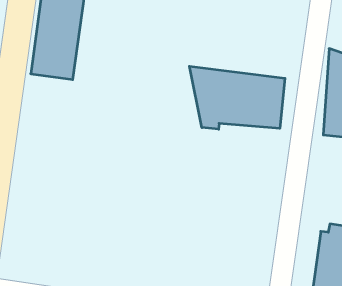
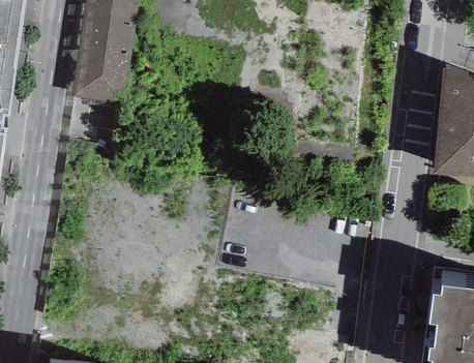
building: [189,66,285,129] -> none

